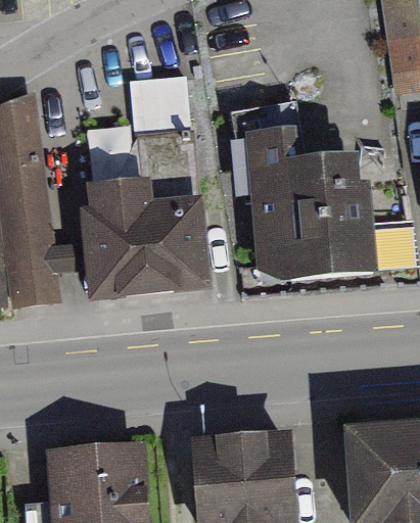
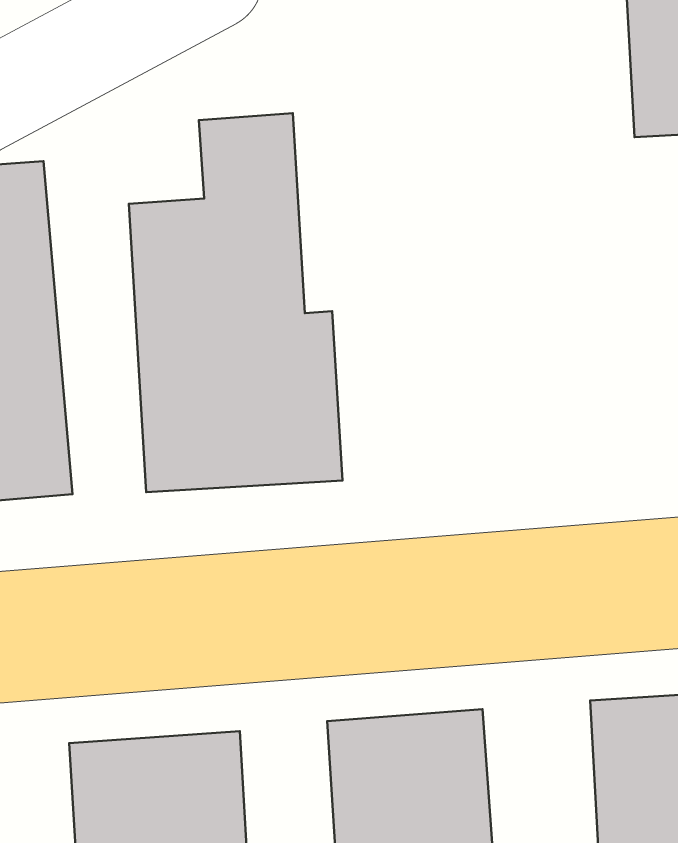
building: [248,129,377,286] -> none

